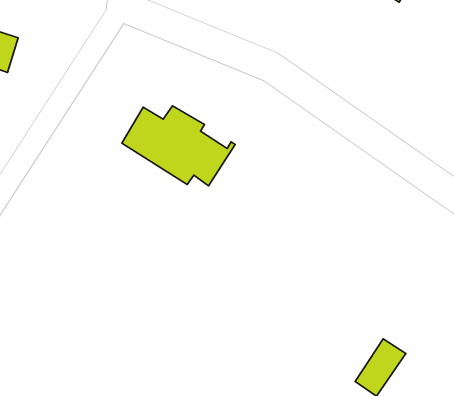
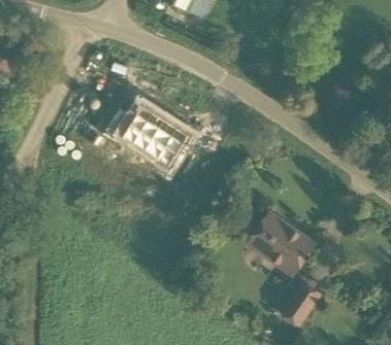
building: none -> [245,210,315,275]

